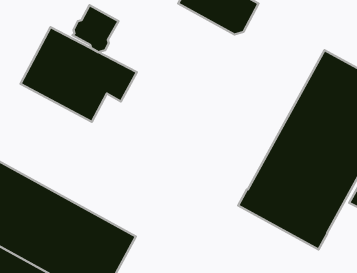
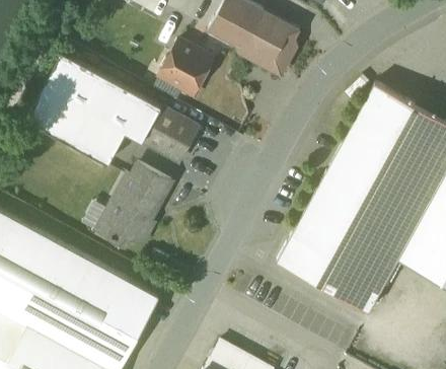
building: [73,5,118,52] -> [160,40,213,93]
building: none -> [142,106,199,162]
building: none -> [98,163,171,244]

